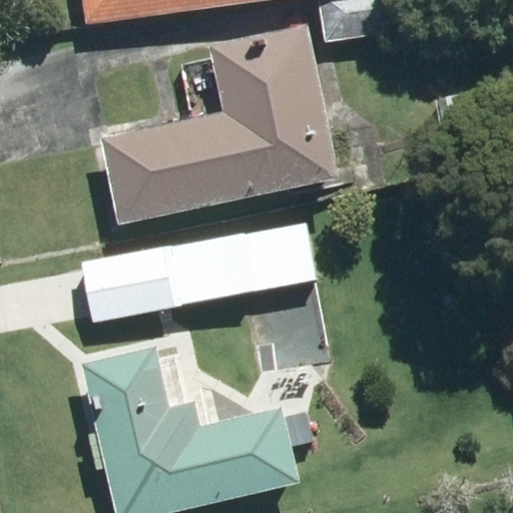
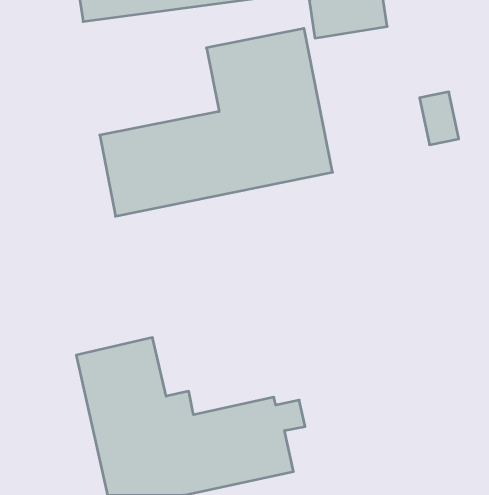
building: [77,223,312,323] -> none

